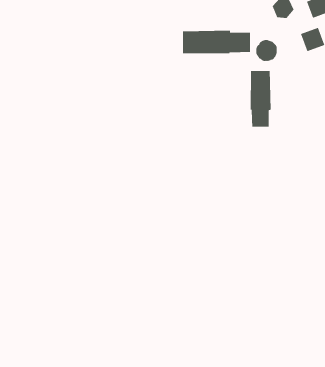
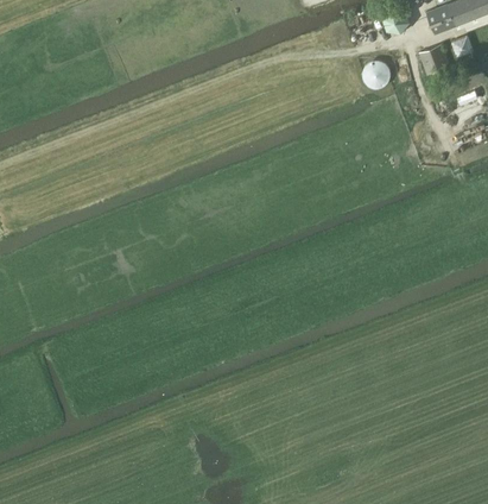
building: [183,30,251,54] -> none
building: [250,70,271,128] -> none

